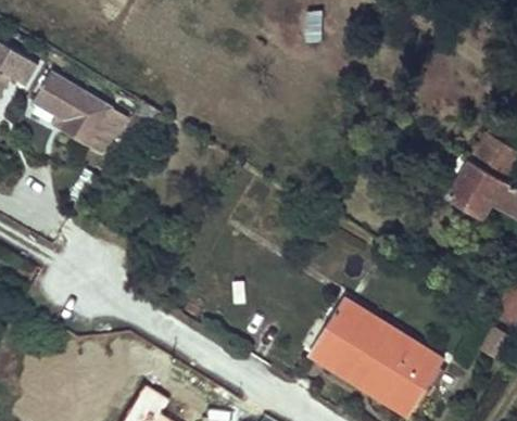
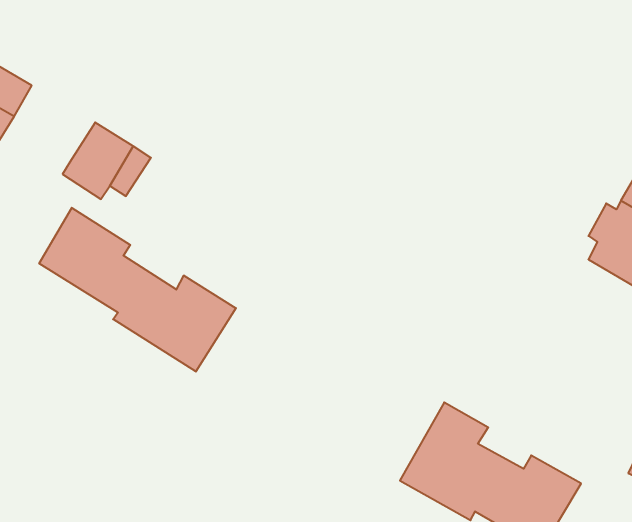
building: [34,74,85,123] -> none
building: none -> [39,208,236,372]

